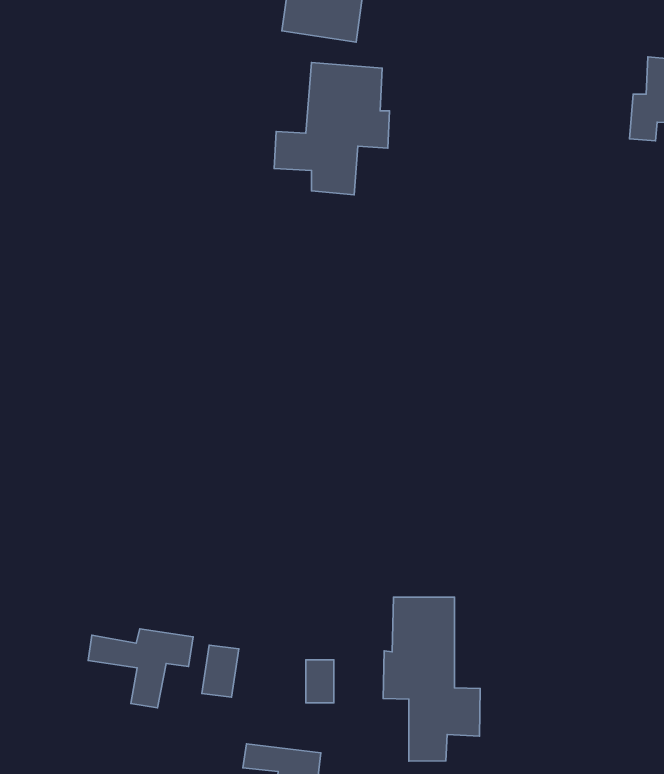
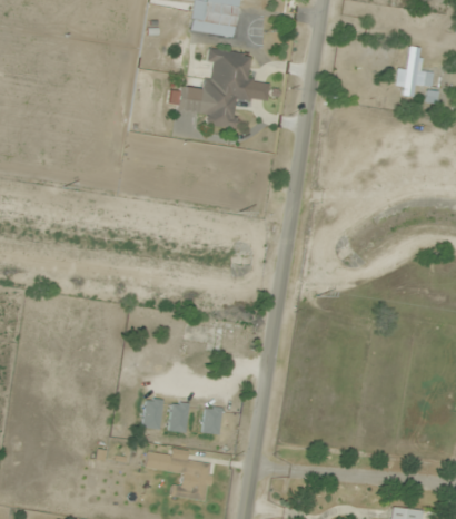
building: [383,597,480,761] -> none
building: [88,629,193,708] -> none
building: none -> [168,402,189,433]

